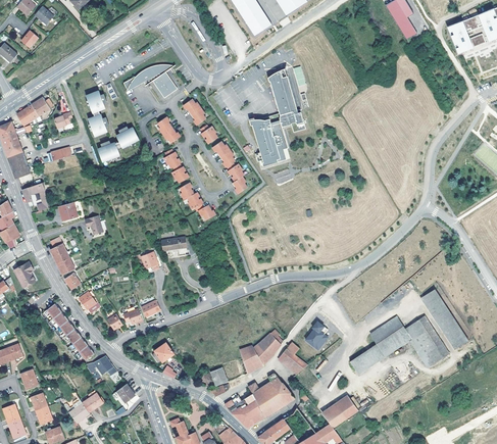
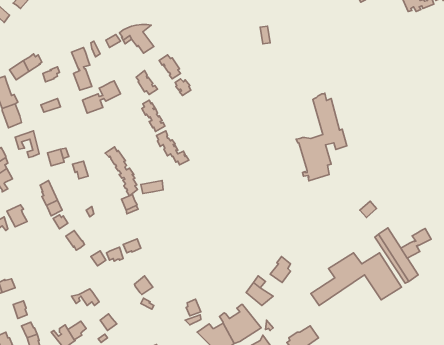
building: [248,69,304,166] -> [296,93,347,181]
building: [210,140,246,194] -> [105,147,138,196]
building: none -> [401,229,431,258]
building: [43,303,95,359] -> none
building: [239,330,281,374] -> none

